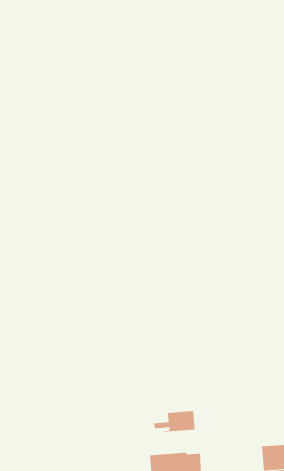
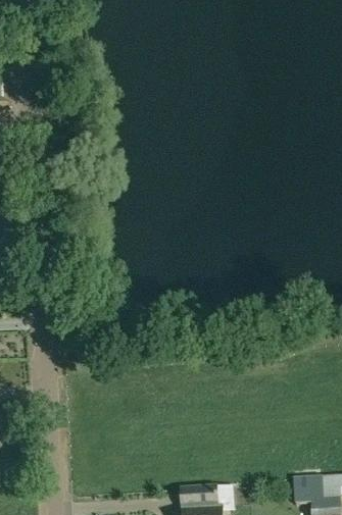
building: [154,410,195,433] -> none

